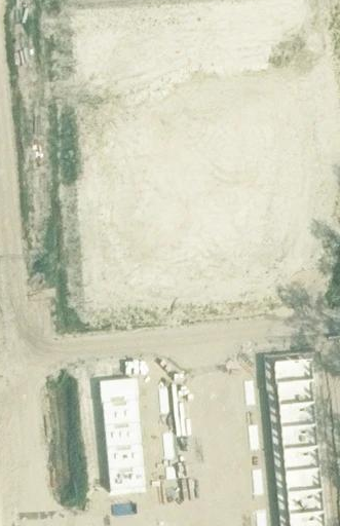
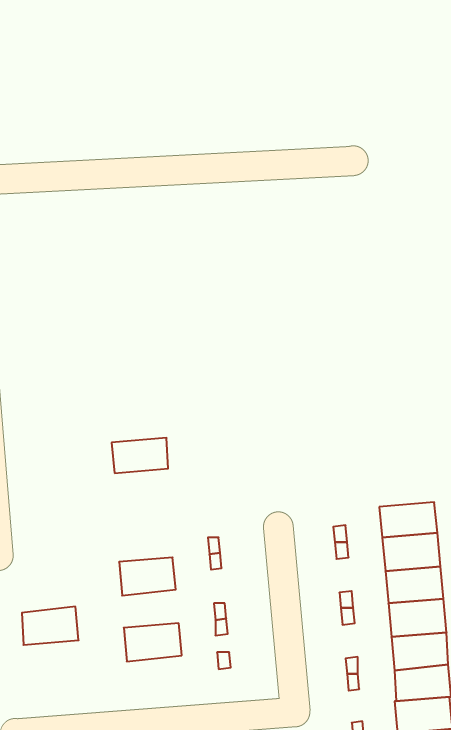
building: [100,378,138,402] -> [112,438,168,473]
building: [104,420,142,446] -> [22,607,79,645]
building: [107,464,146,490] -> none

